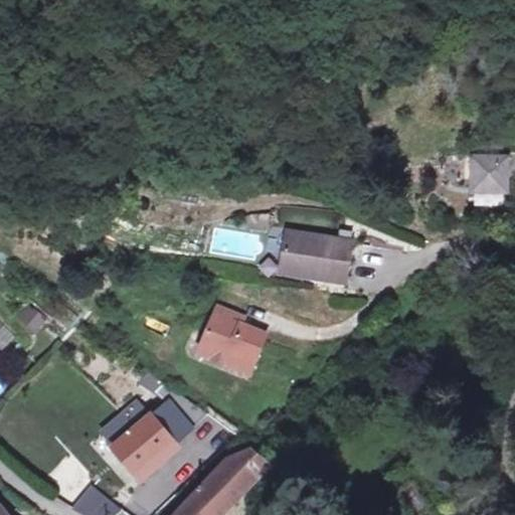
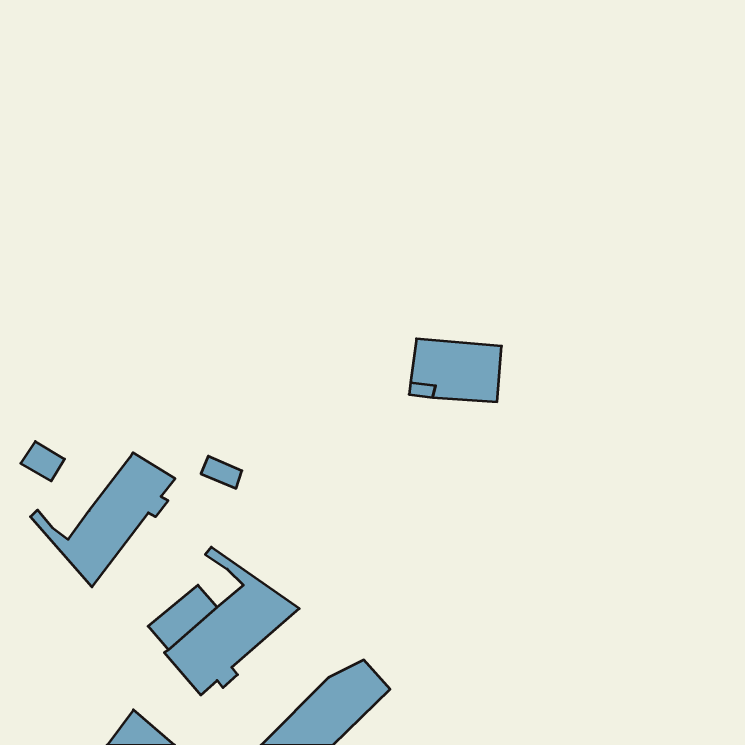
building: [471,157,506,193] -> none
building: [195,310,263,369] -> none
building: none -> [30,453,175,587]

